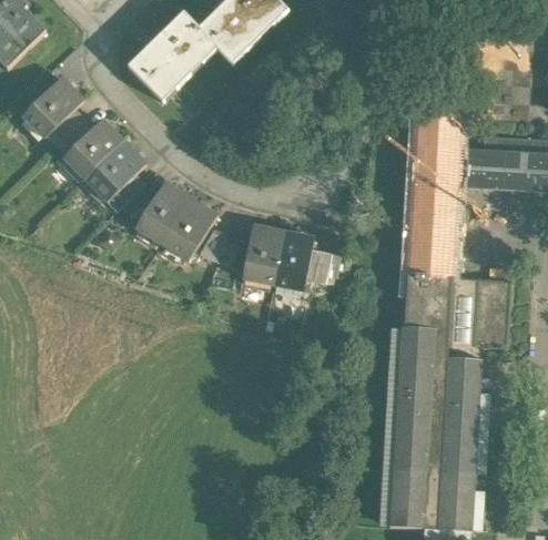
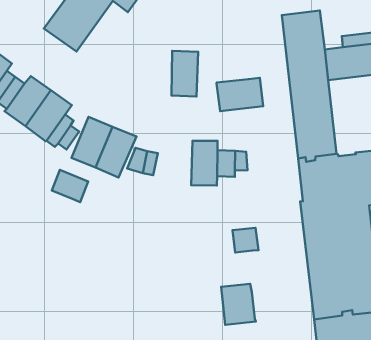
building: none -> [216,78,263,111]
building: [241,224,282,284] -> [171,51,198,97]
building: none -> [52,170,88,202]
building: none -> [232,228,258,253]
building: none -> [221,284,256,325]

